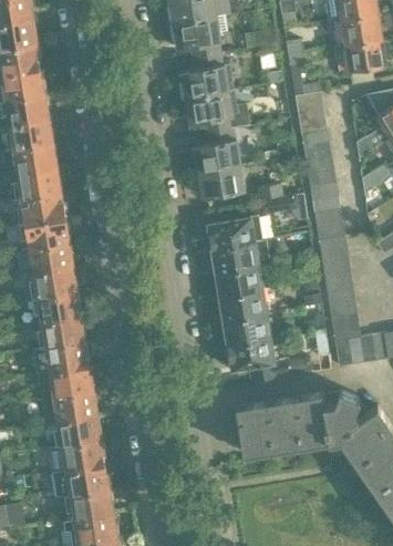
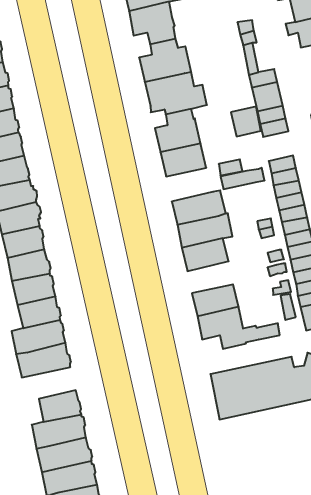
building: [306,159,335,189] -> [231,107,261,136]
building: [219,291,266,322] -> none
building: [41,392,96,425] -> none

